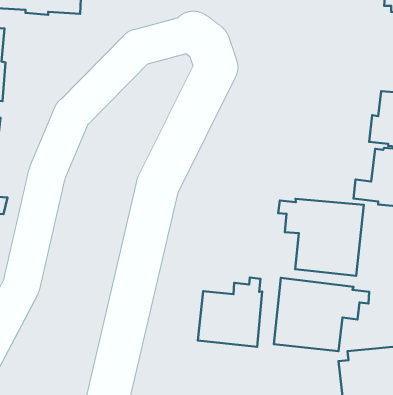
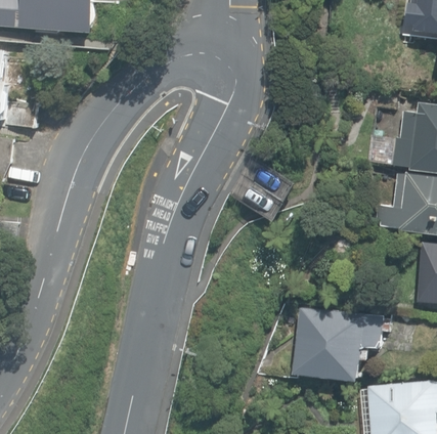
building: [278,199,364,276] -> none
building: [198,278,262,347] -> none

